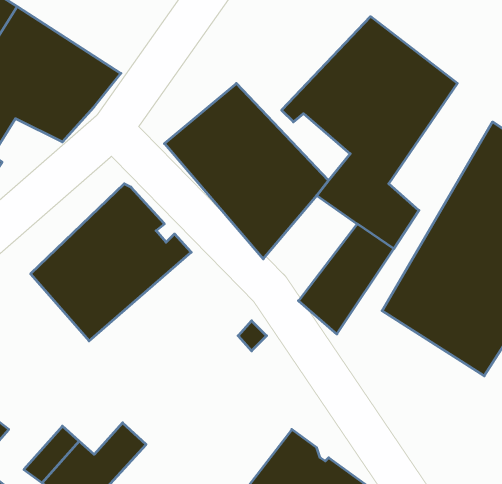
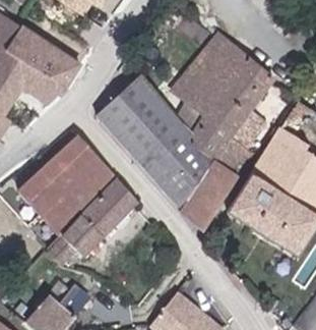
building: none -> [163,144,219,208]
building: none -> [50,180,141,263]

